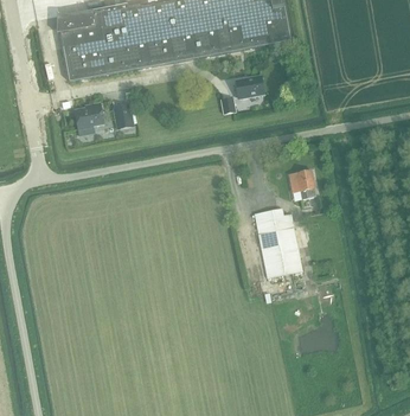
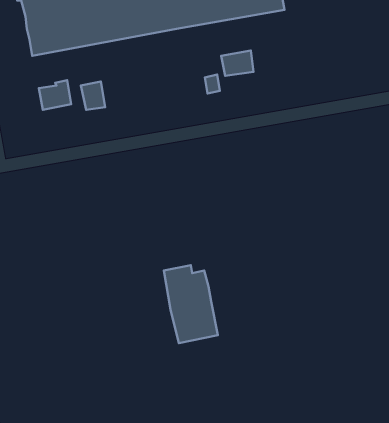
building: [288,169,315,198] -> none
building: [254,209,301,277] -> [164,265,218,343]

